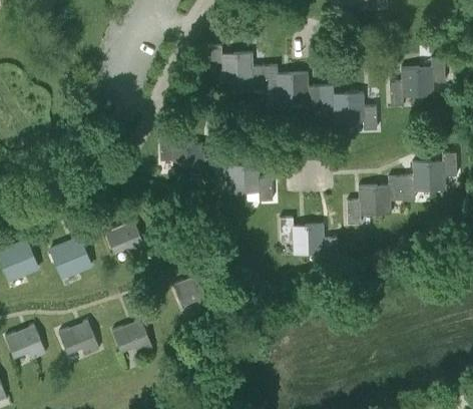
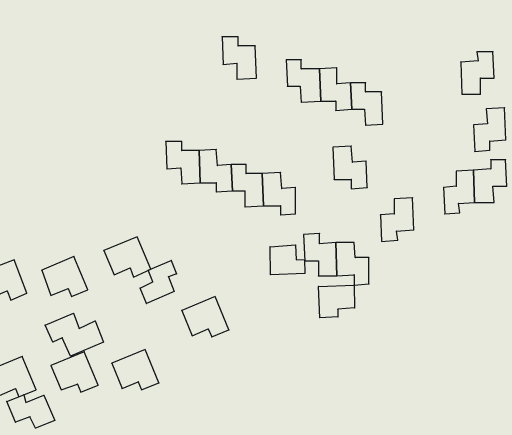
building: [236,53,265,90] -> none
building: [389,68,417,106] -> [474,108,506,151]
building: [347,93,377,130] -> [333,146,367,189]
building: [374,177,402,215] -> none
building: none -> [270,245,305,275]
building: none -> [140,260,177,304]
building: none -> [319,285,355,318]
building: none -> [45,313,104,356]
building: none -> [7,395,55,428]

